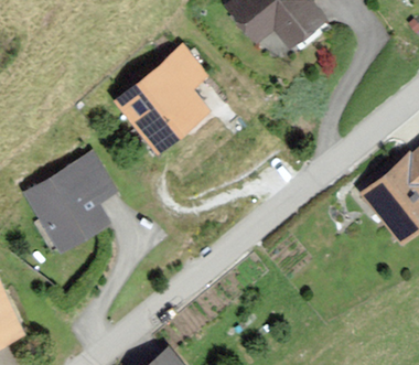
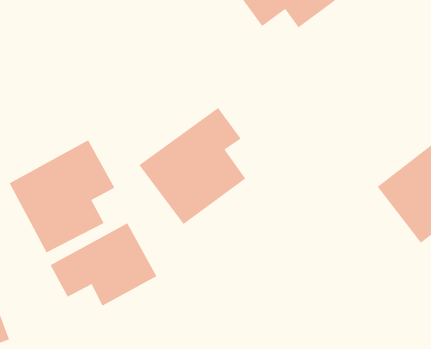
building: [111,49,210,155] -> [138,107,246,225]
building: none -> [50,223,157,307]

